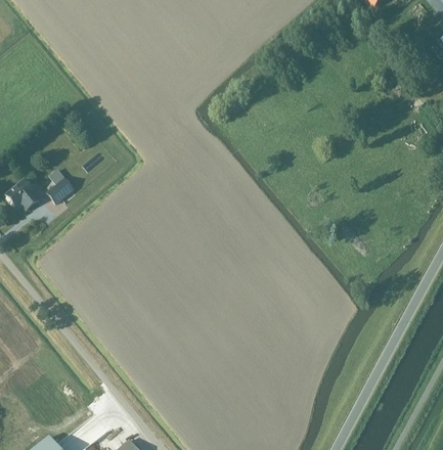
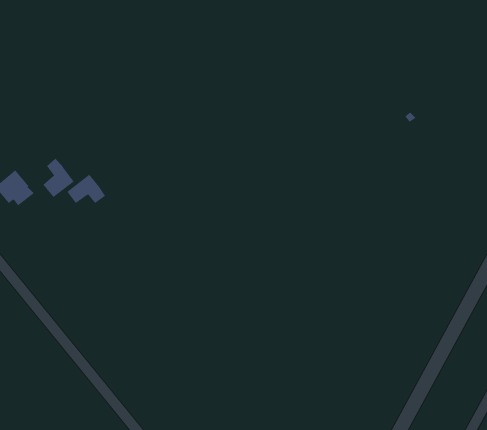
building: none -> [67,174,106,204]

